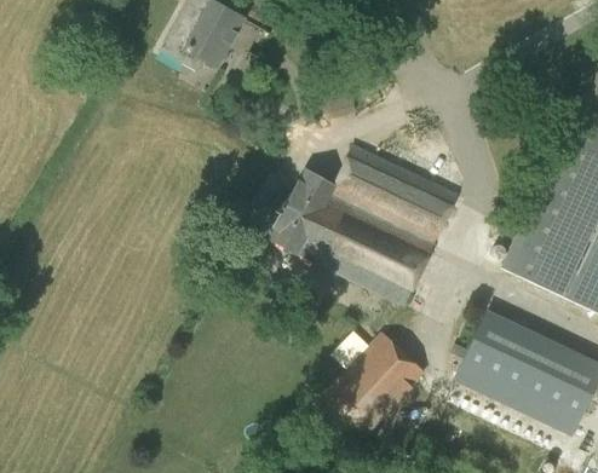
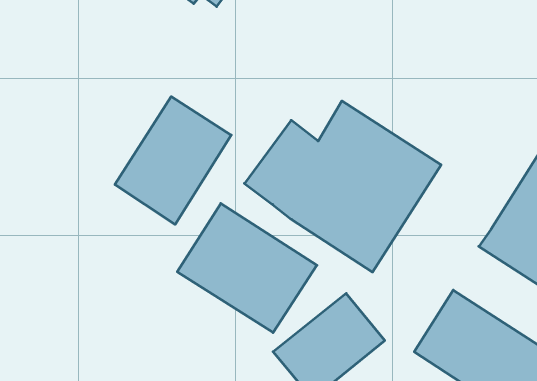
building: none -> [115,97,231,224]
building: none -> [177,203,317,333]

